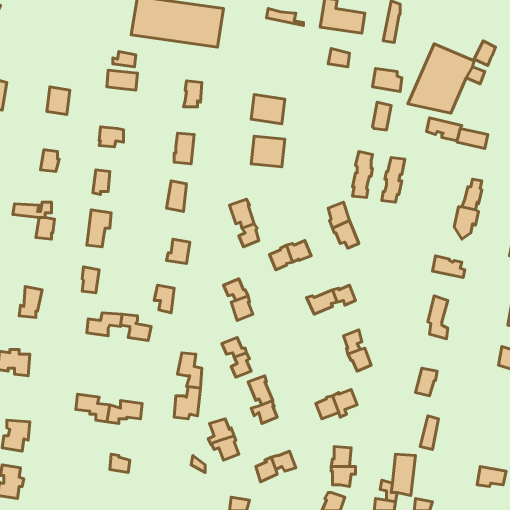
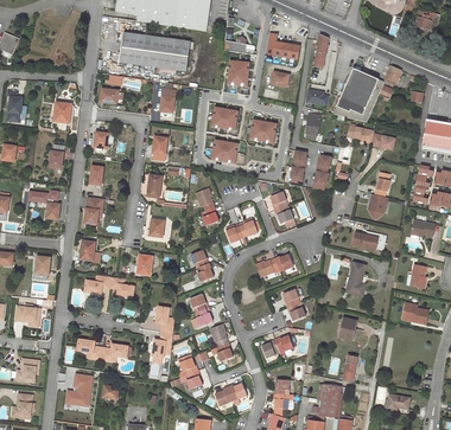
building: none -> [224,58,250,86]
building: none -> [249,118,277,141]
building: none -> [64,373,94,407]

